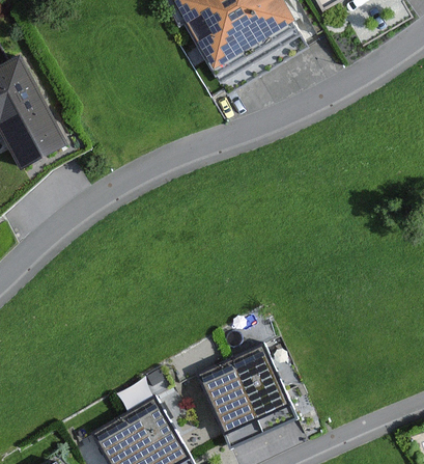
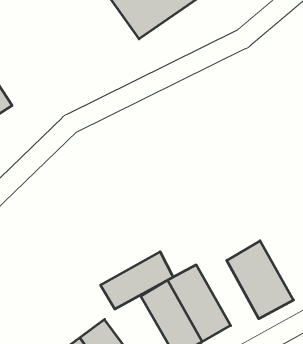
building: none -> [227,241,294,319]
building: none -> [101,252,173,309]

